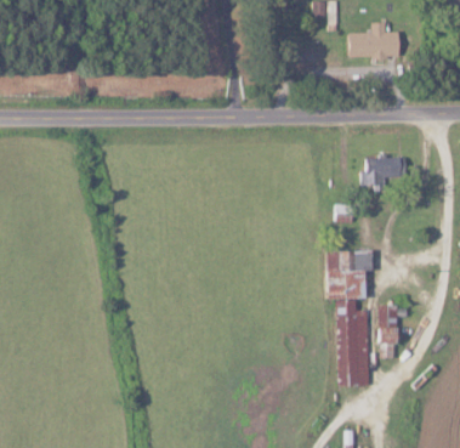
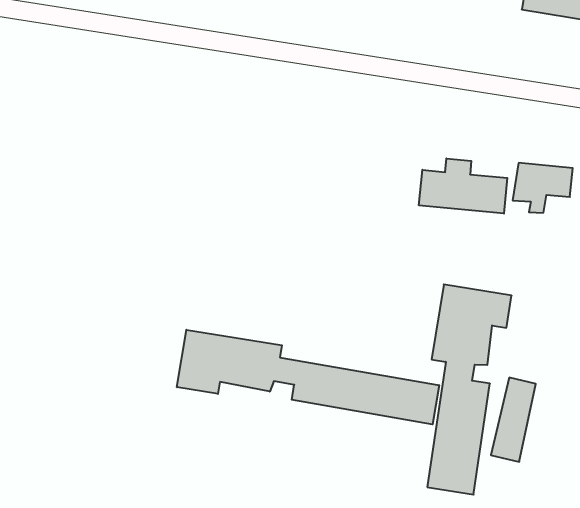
building: none -> [419,158,507,214]
building: none -> [177,330,439,424]

